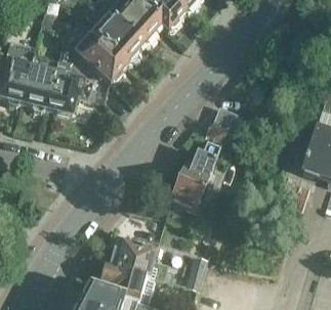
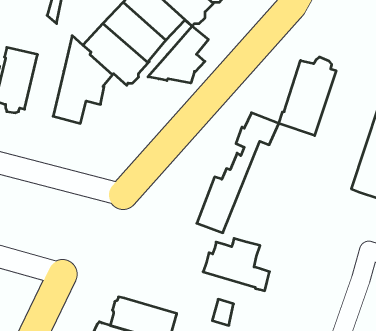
building: none -> [148,26,208,83]
building: [23,55,58,112] -> none
building: none -> [279,57,336,136]
building: [109,236,166,281] -> [203,238,270,291]

